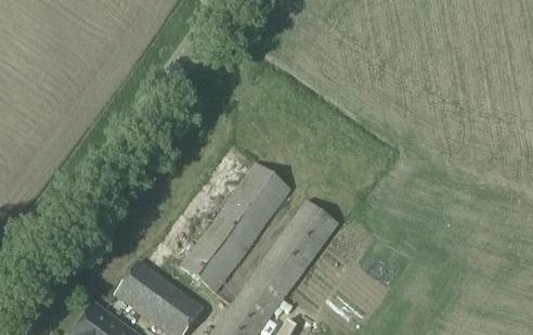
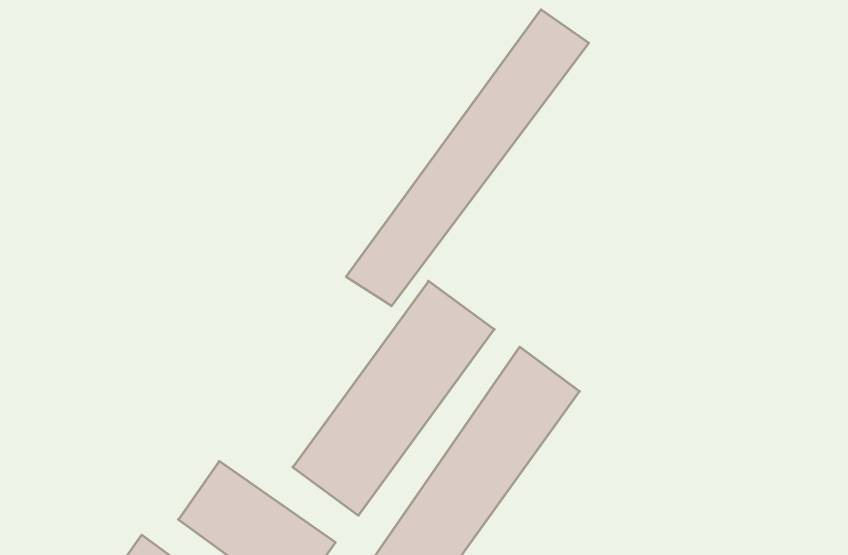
building: none -> [346,10,589,306]

